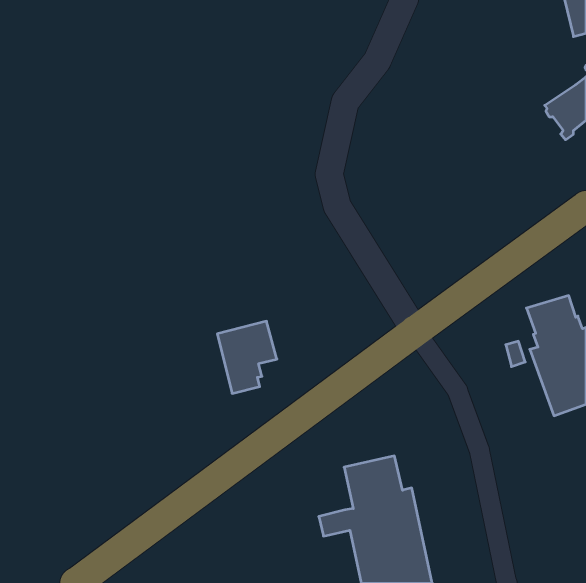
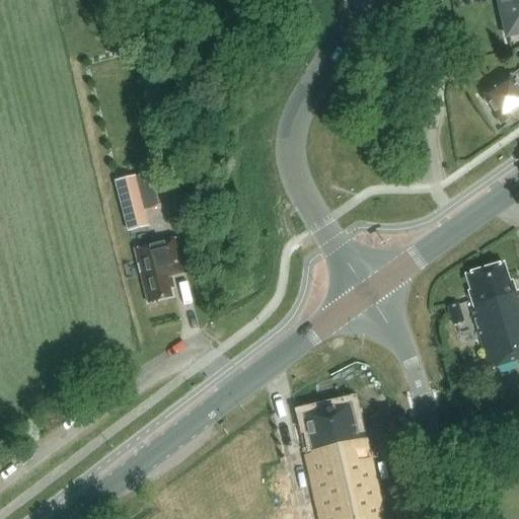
building: none -> [116,171,156,229]
building: [217,321,277,393] -> [134,237,187,301]

